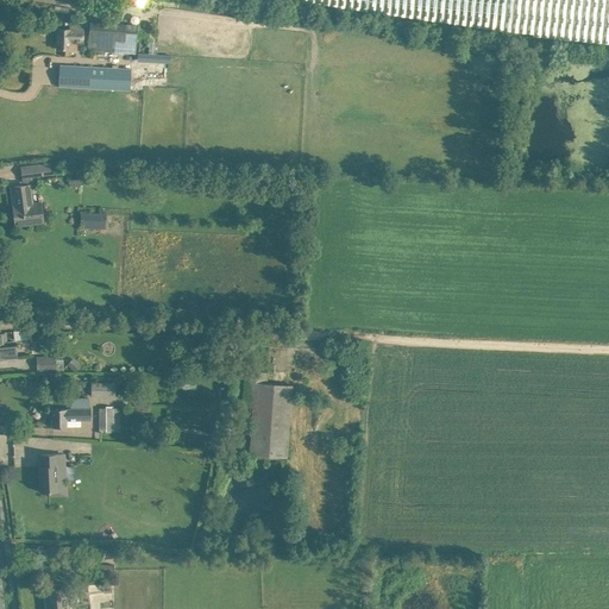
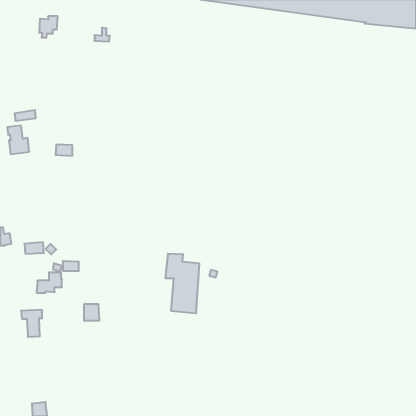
building: [90,21,138,57] -> none
building: [58,64,131,89] -> none
building: [99,407,121,431] -> [84,304,99,321]

